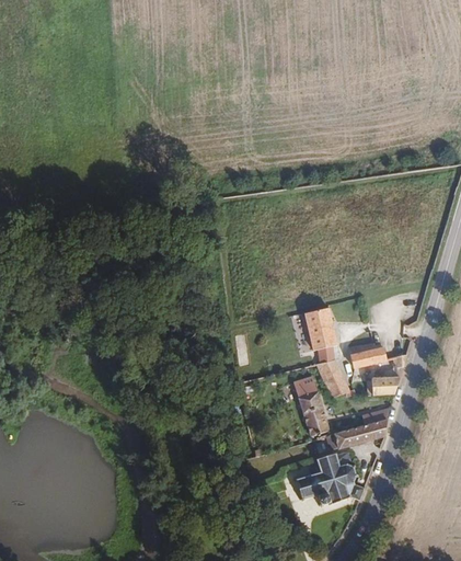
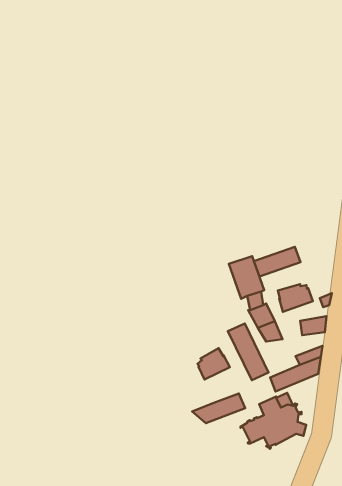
building: none -> [254,247,301,277]
building: none -> [197,348,230,380]
building: none -> [192,393,245,423]

